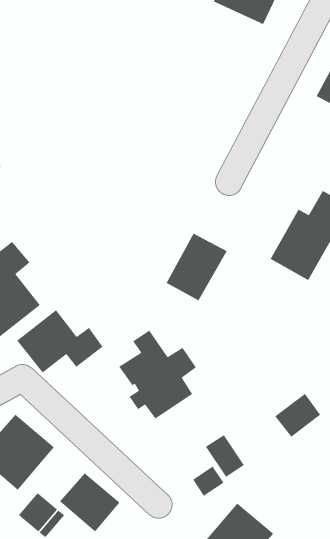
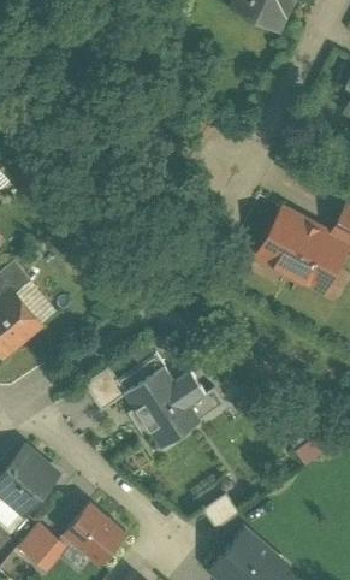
building: [166,232,228,302] -> [250,206,315,278]
building: [16,309,103,373] -> none
building: [205,434,245,478] -> none

